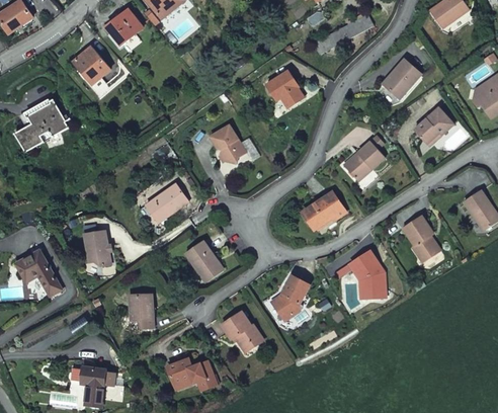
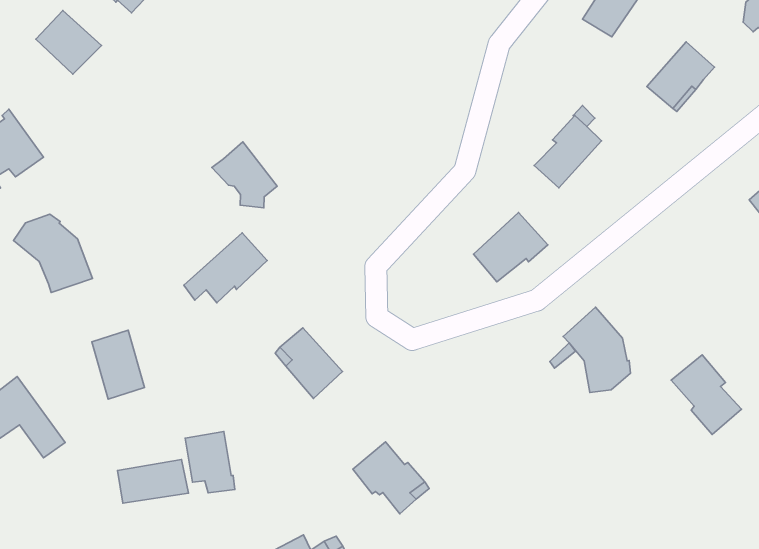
building: [266,70,304,107] -> none
building: [211,125,246,163] -> [212,142,277,208]
building: none -> [13,214,93,293]
building: [403,216,440,261] -> [671,355,741,435]
building: [272,275,309,320] -> none
building: none -> [117,460,189,503]

